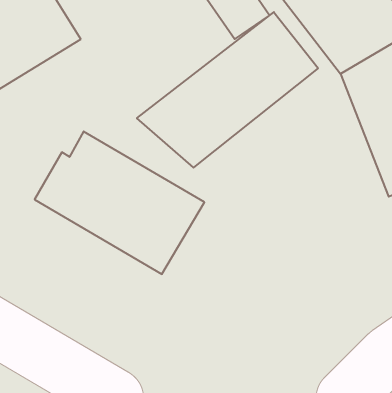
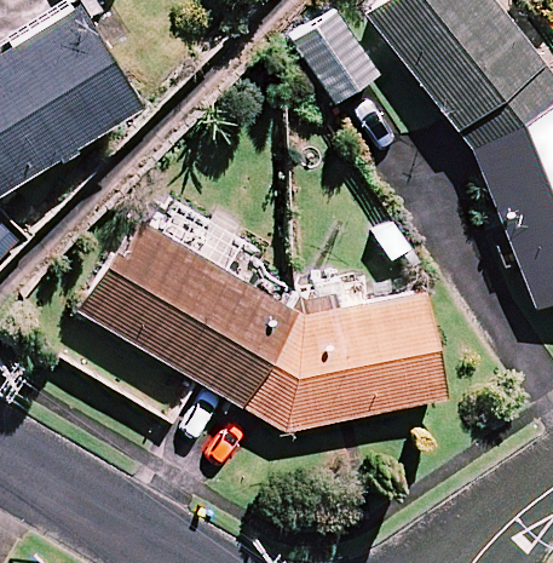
building: [137,12,318,168] -> none
building: none -> [244,289,448,432]

